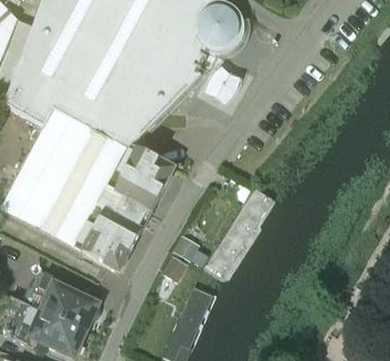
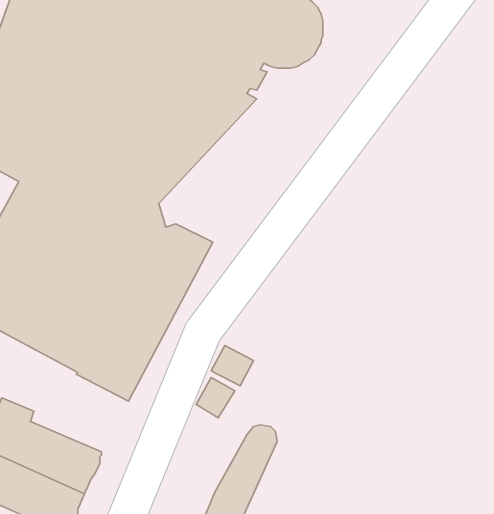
building: [205,189,274,277] -> none

